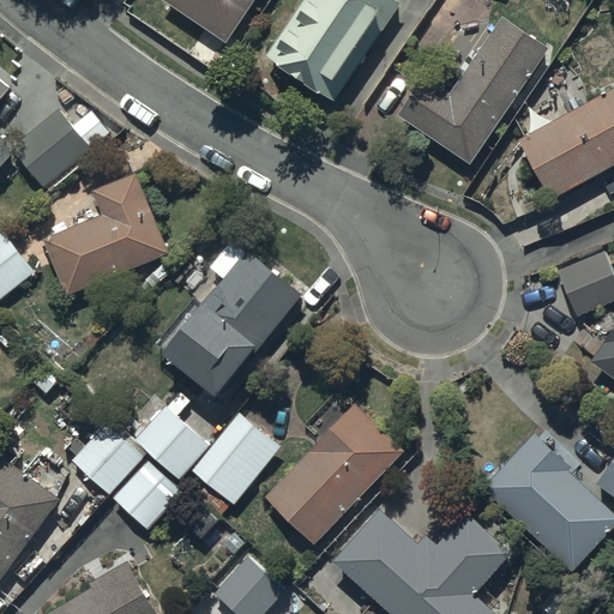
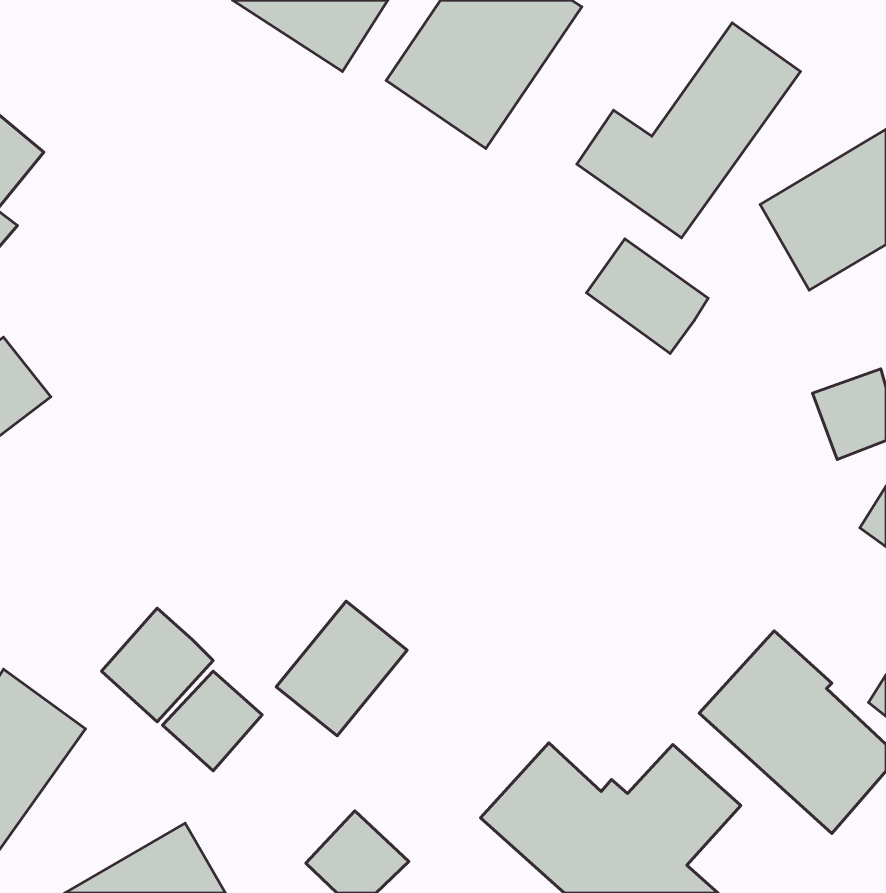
building: [14,109,94,186] -> none
building: none -> [586,239,708,354]
building: [44,174,168,294] -> none
building: [159,249,302,395] -> none
building: [261,403,404,547] -> none
building: [132,405,206,480] -> none

